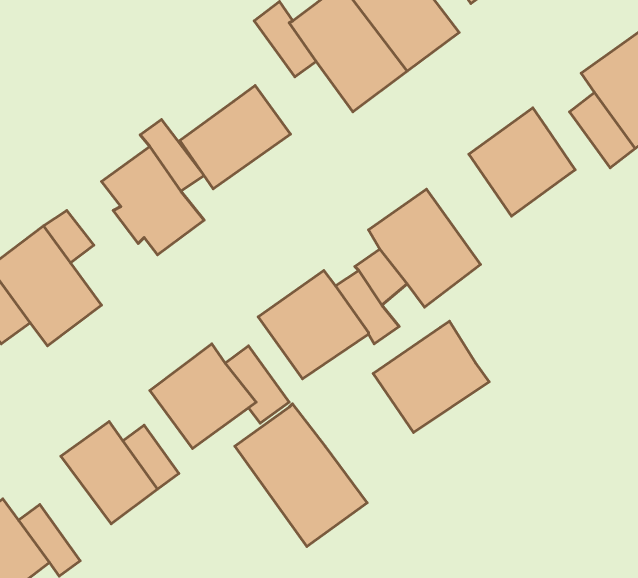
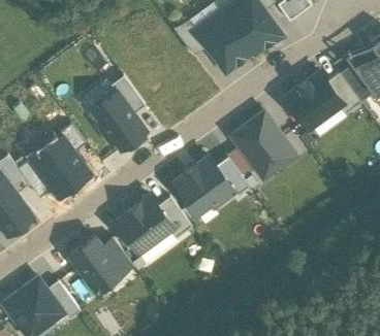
building: [180,85,290,189] -> none
building: none -> [329,72,363,113]
building: [373,321,489,432] -> none
building: [235,404,367,547] -> none

